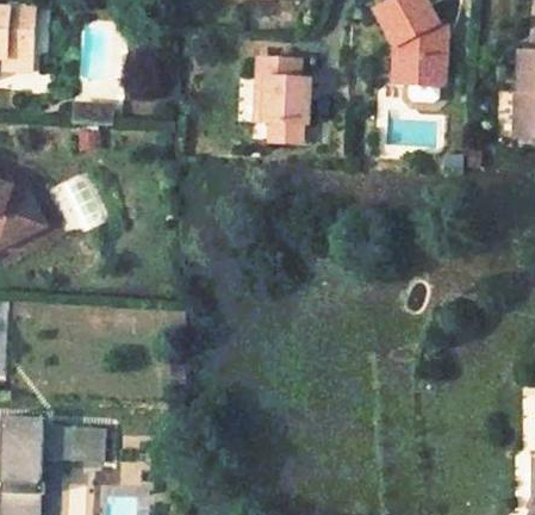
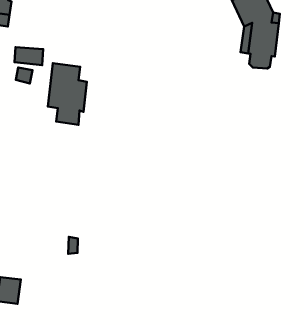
building: [254,57,306,142] -> [48,63,87,125]

